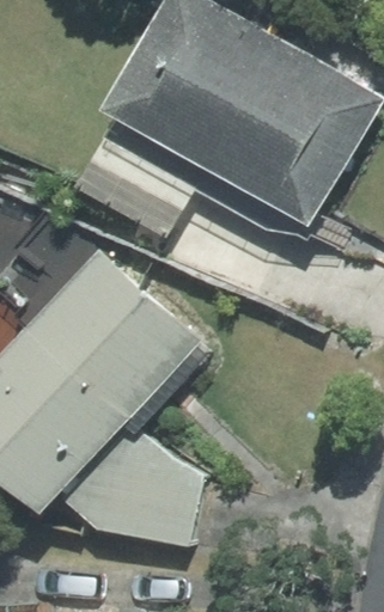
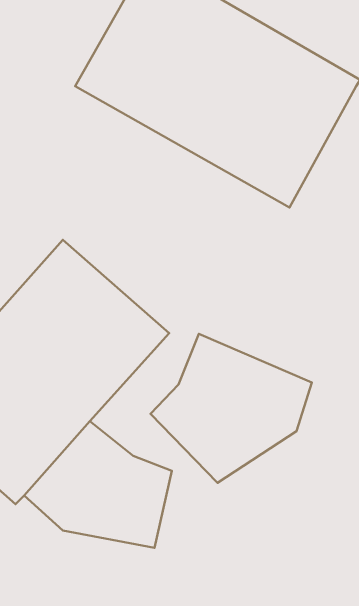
building: none -> [150,334,312,483]

